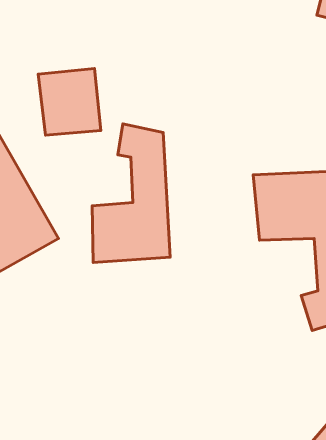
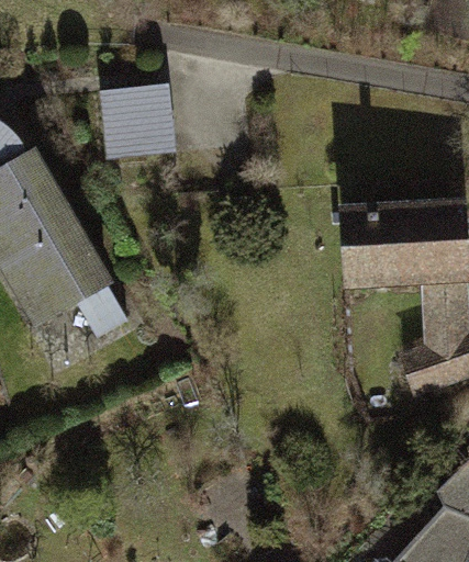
building: [92,124,170,263] -> none

